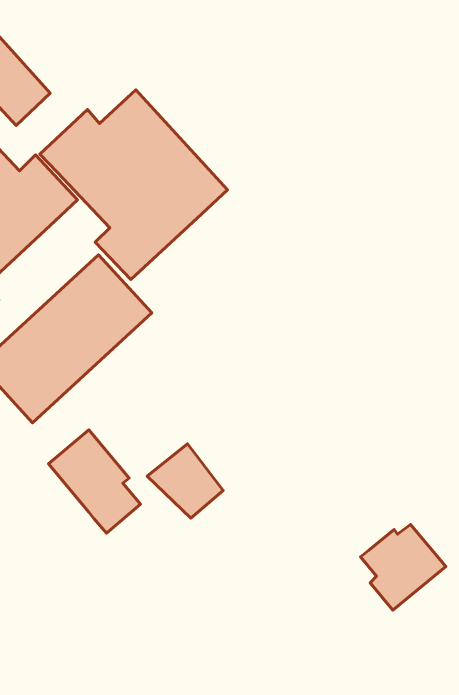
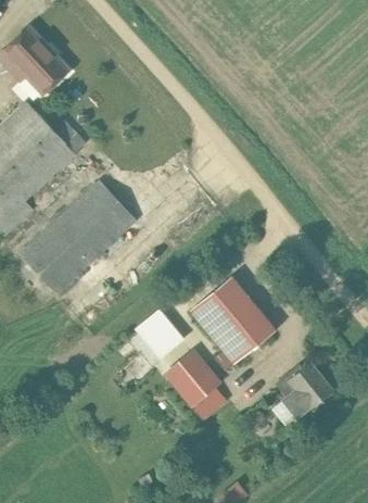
building: [40,90,228,279] -> none
building: none -> [190,277,275,367]
building: [48,430,141,533] -> [166,351,228,420]

